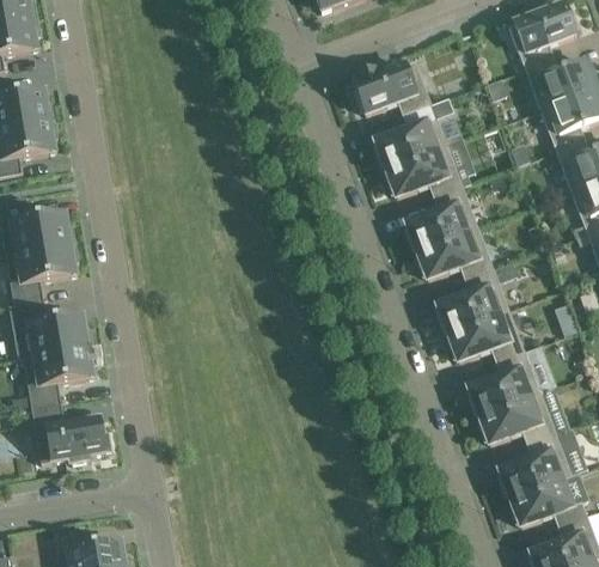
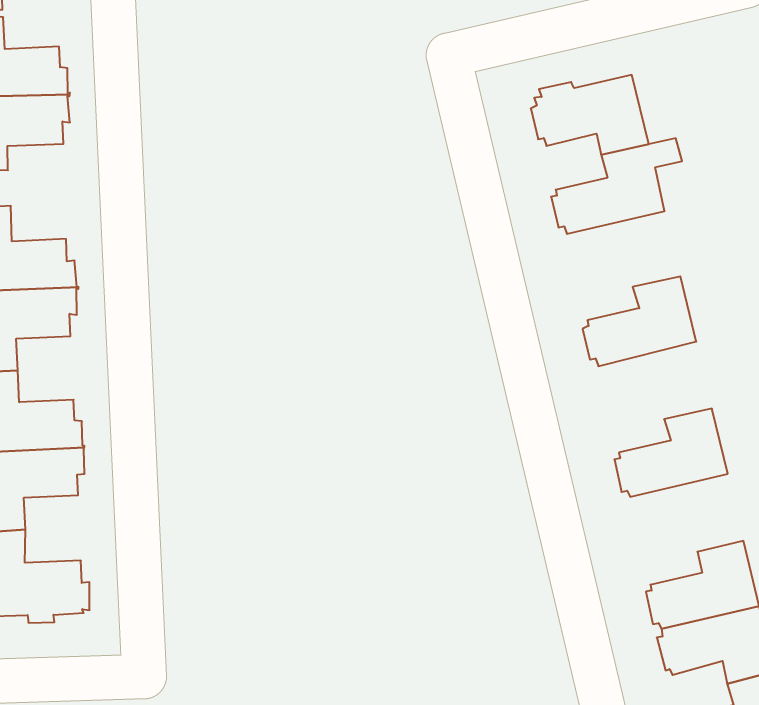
building: [384,145,463,196] -> none
building: [415,226,494,279] -> none
building: [446,309,525,361] -> none

